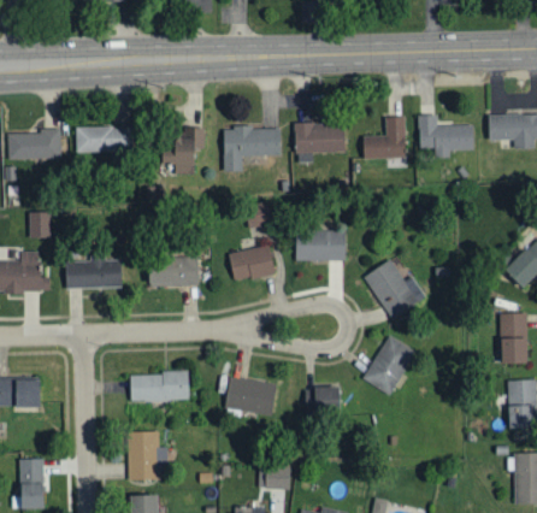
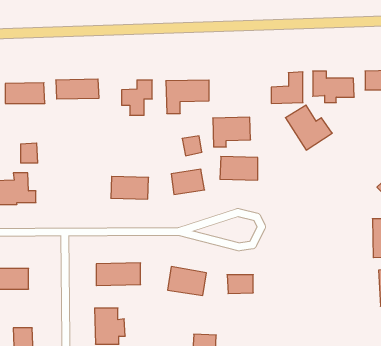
building: [295,122,346,161] -> [213,117,251,147]
building: [65,253,122,288] -> none
building: [364,259,426,319] -> [285,105,332,150]
building: [364,335,415,395] -> none

